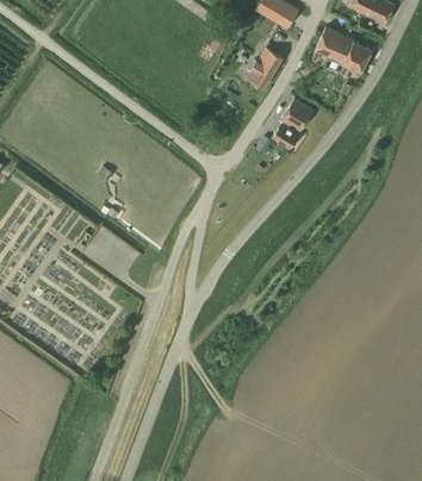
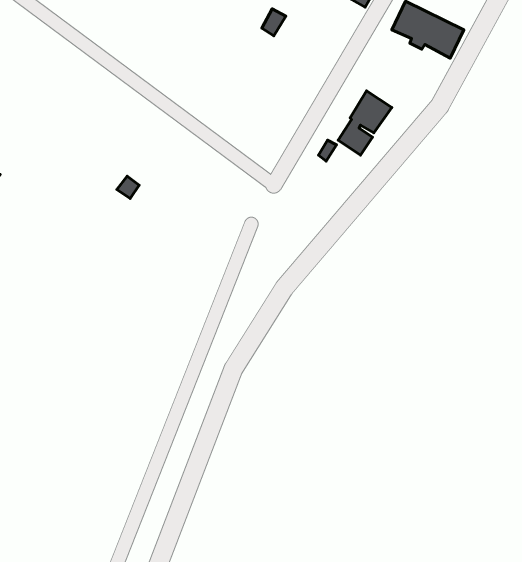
building: [247,46,281,87] -> none

